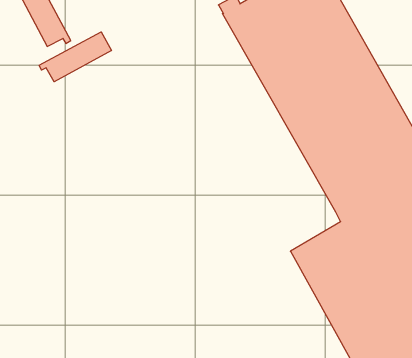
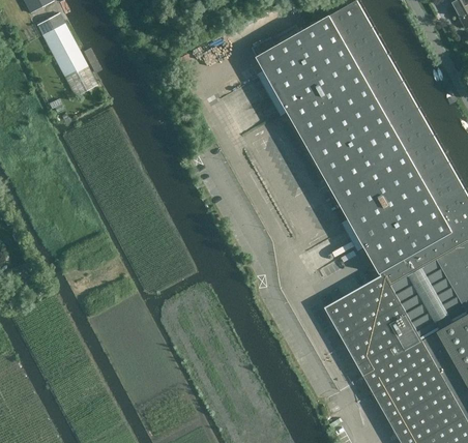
building: [39,32,111,82] -> none

